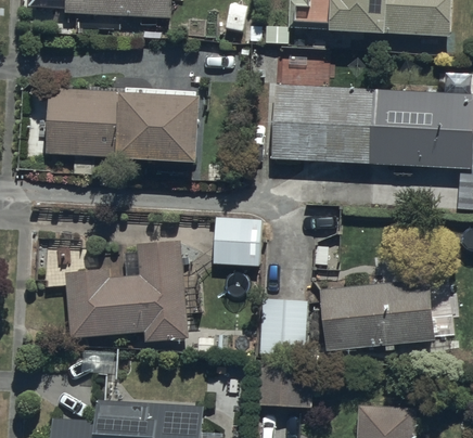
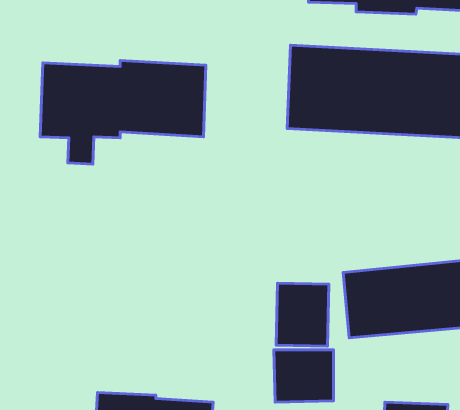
building: [212,216,259,263] -> none
building: [64,233,188,337] -> none

